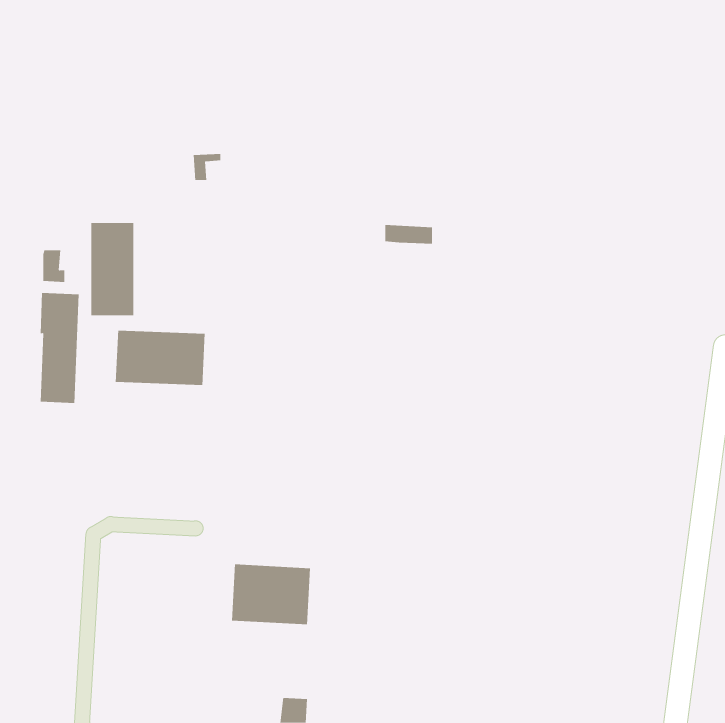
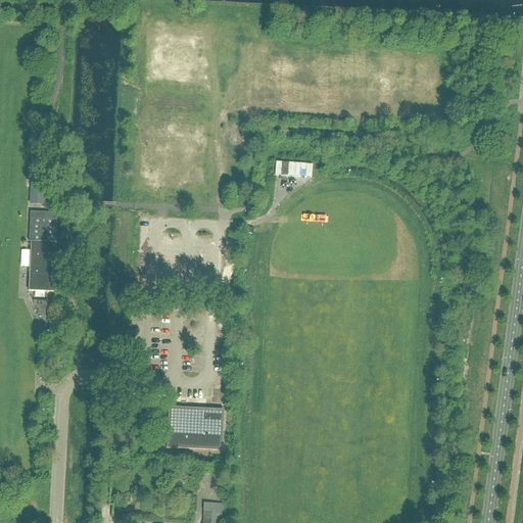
building: [91,222,134,316] -> none
building: [115,330,205,386] -> none

